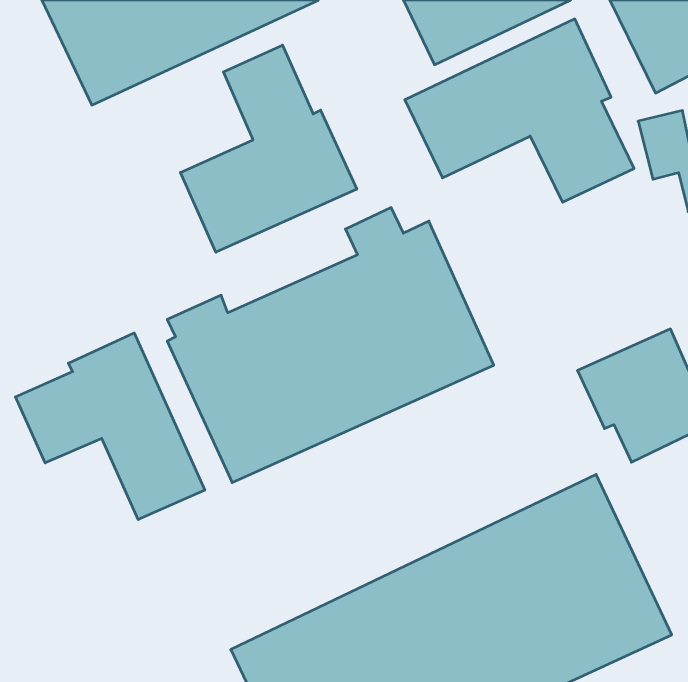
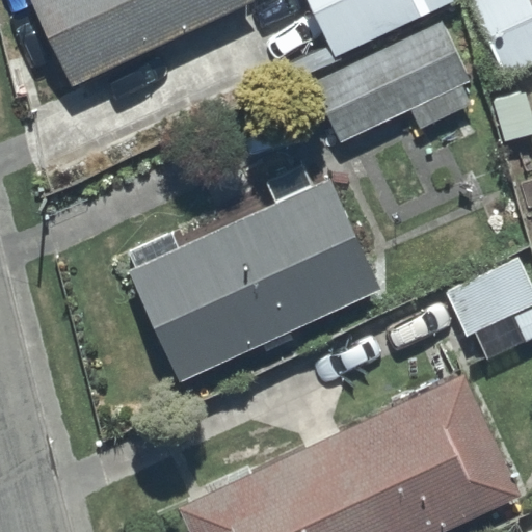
building: [180,45,357,252] -> none
building: [15,333,205,520] -> none

